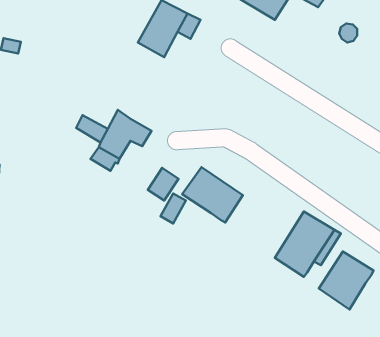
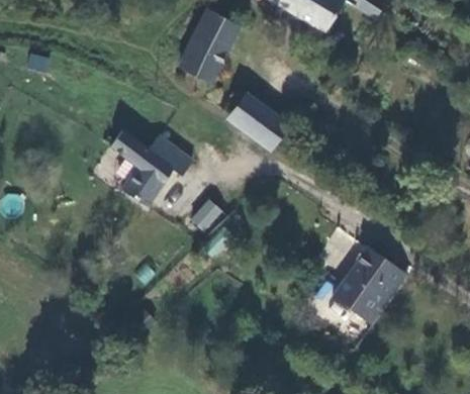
building: none -> [231,97,284,146]
building: [182,167,243,222] -> none
building: [319,252,373,309] -> none

